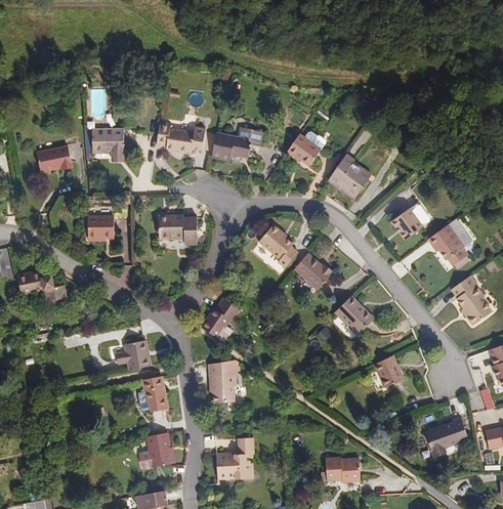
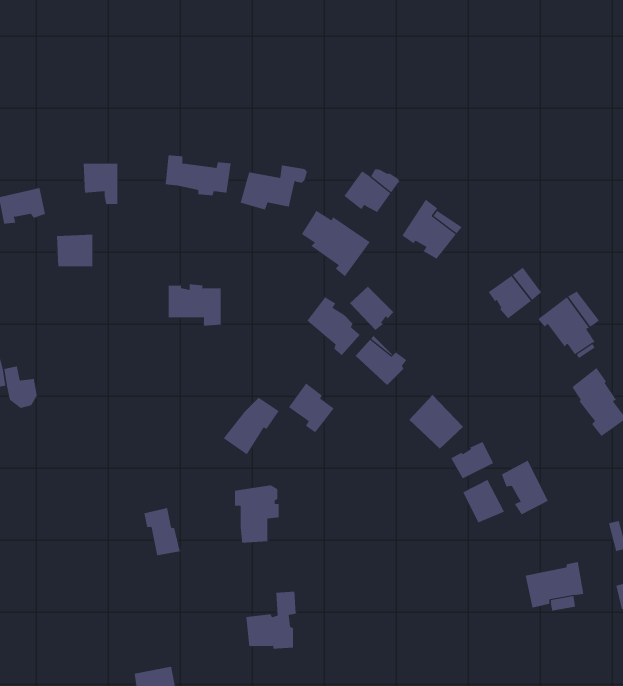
building: none -> [302,210,370,277]
building: [87,214,114,238] -> [56,234,93,267]
building: none -> [349,286,394,331]
building: none -> [288,382,335,433]
building: none -> [451,441,494,479]
building: [124,340,150,370] -> none
building: none -> [501,460,548,515]
building: [148,433,175,466] -> none
building: [325,459,360,483] -> none

